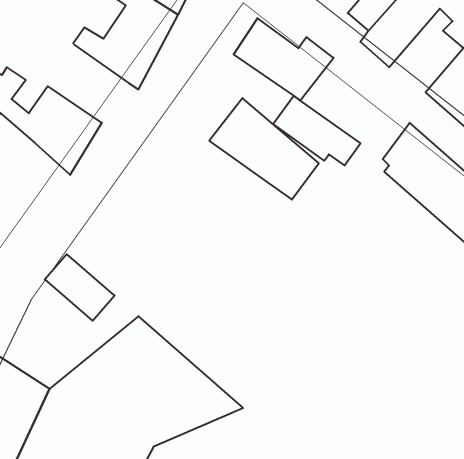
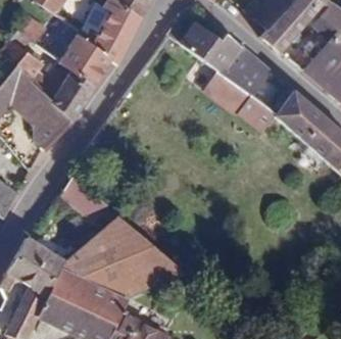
building: none -> [59,39,111,89]
building: [209,98,319,200] -> [222,47,292,112]
building: none -> [33,102,74,151]

